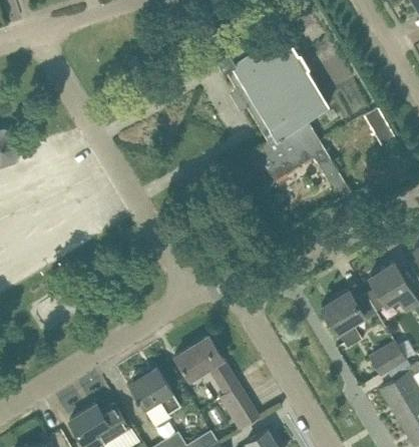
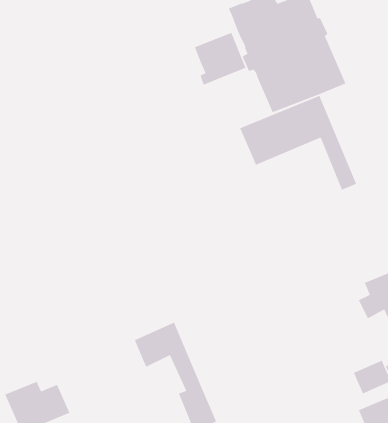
building: none -> [194,32,246,86]
building: [321,291,377,348] -> none
building: [129,368,180,414] -> none

